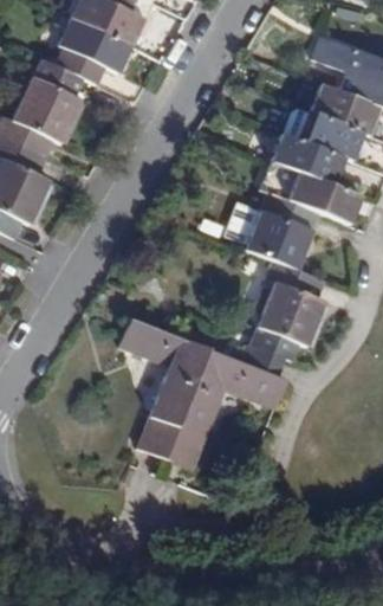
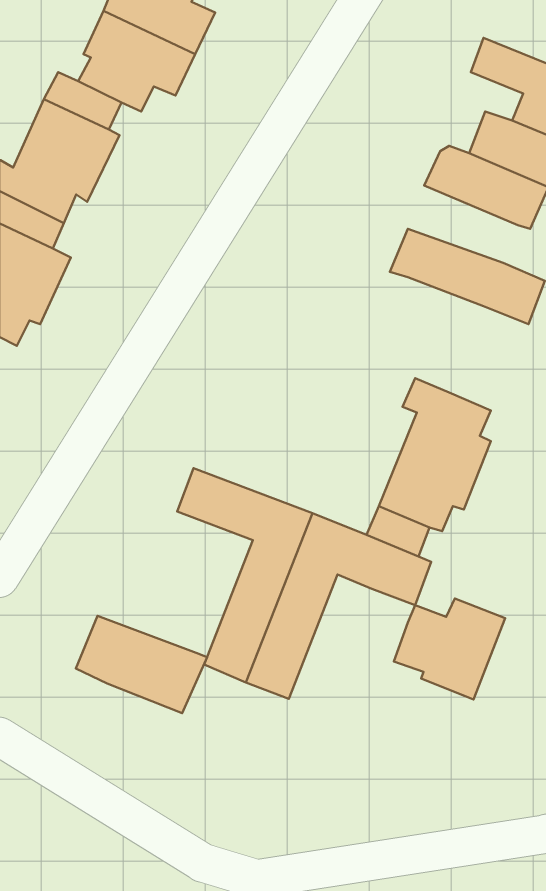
building: [272,131,344,182] -> none
building: [226,192,322,267] -> none
building: none -> [394,598,505,699]
building: none -> [76,616,207,713]

